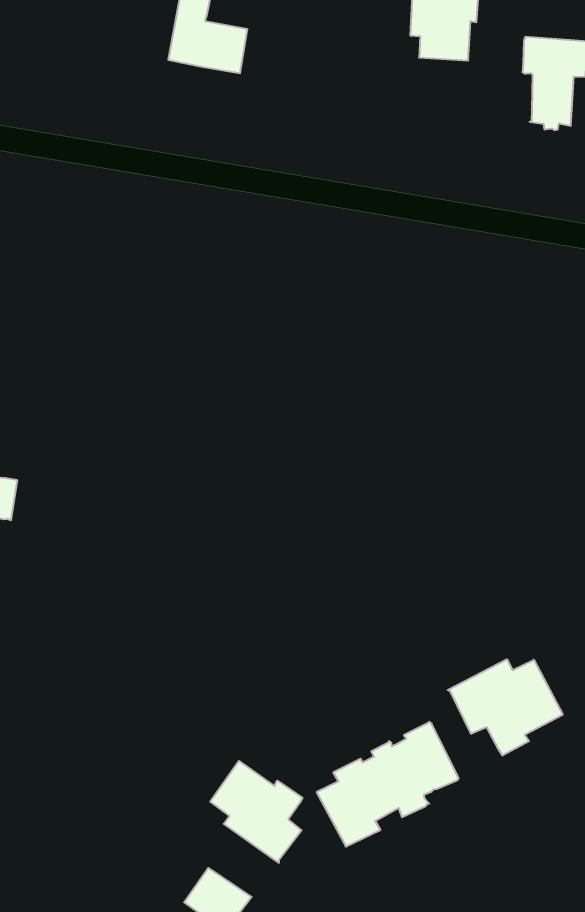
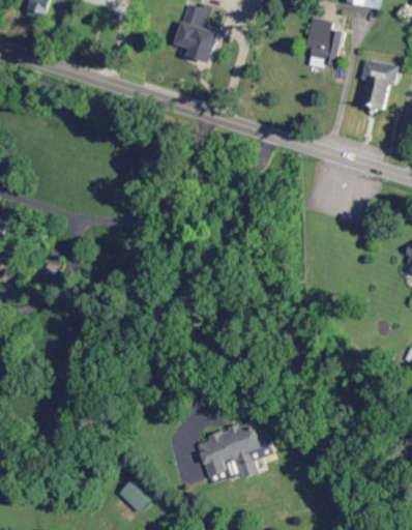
building: [448,659,563,756] -> none
building: [210,761,302,863] -> none

